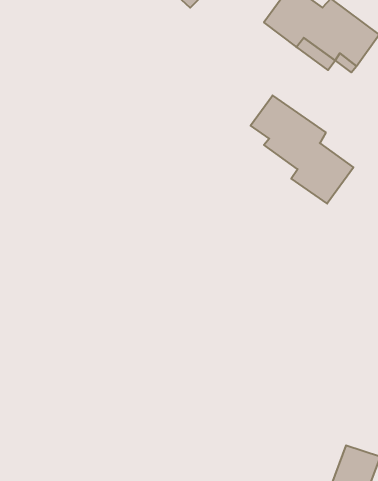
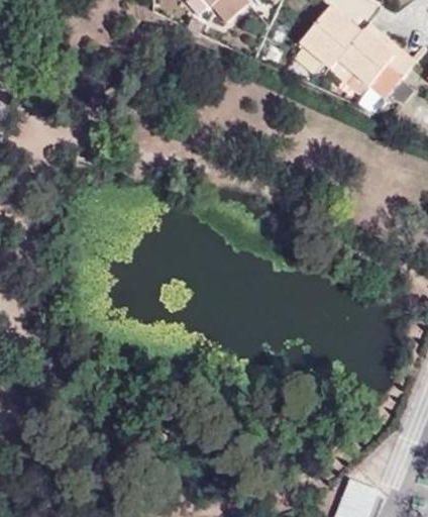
building: [251,95,353,204] -> none

